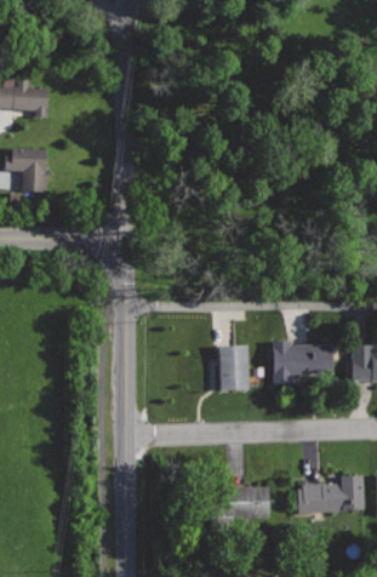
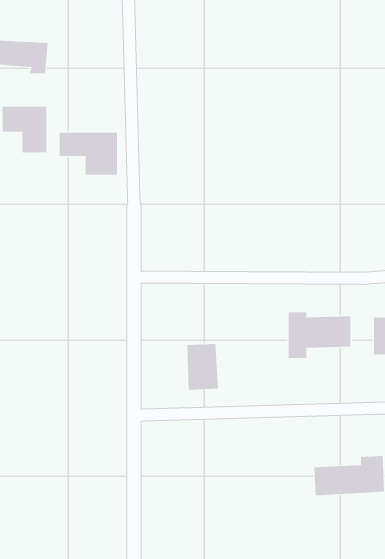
building: none -> [59,132,118,175]
building: [219,345,250,389] -> [186,343,219,390]
building: [209,487,269,537] -> none

